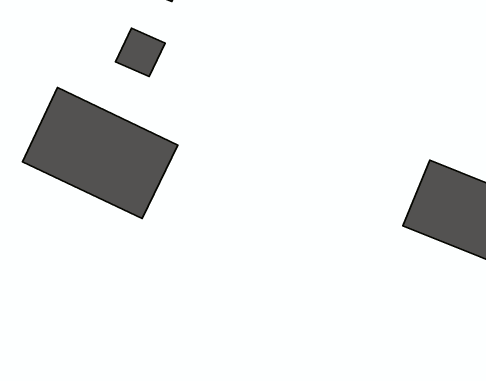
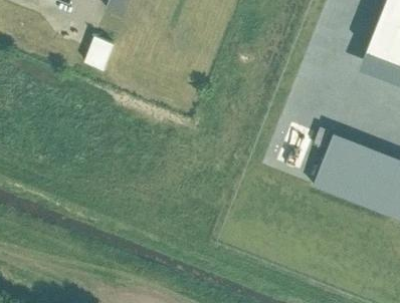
building: [22,87,178,218] -> none

